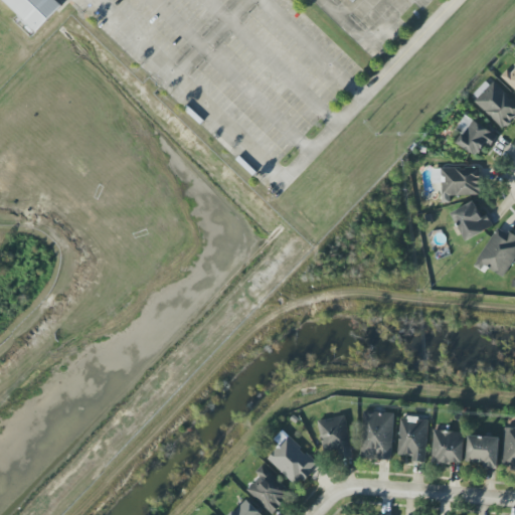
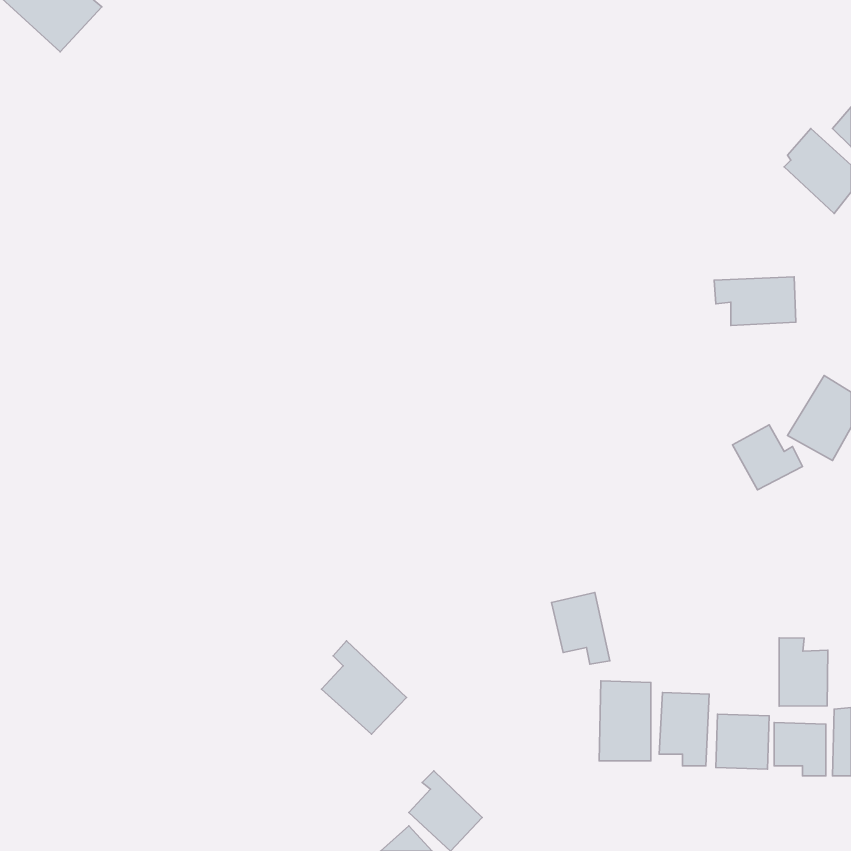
building: [454,114,497,156] -> none
building: [451,200,493,239] -> [732,425,803,490]
building: none -> [779,638,828,706]
building: [317,414,352,458] -> [552,592,610,664]
building: [267,430,318,486] -> [321,641,407,734]

